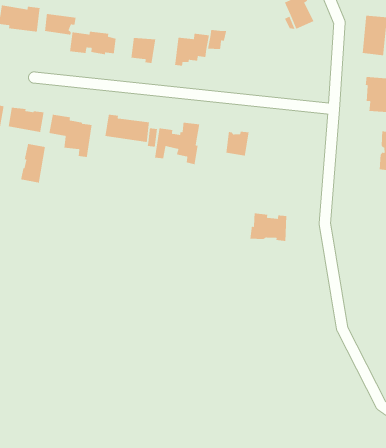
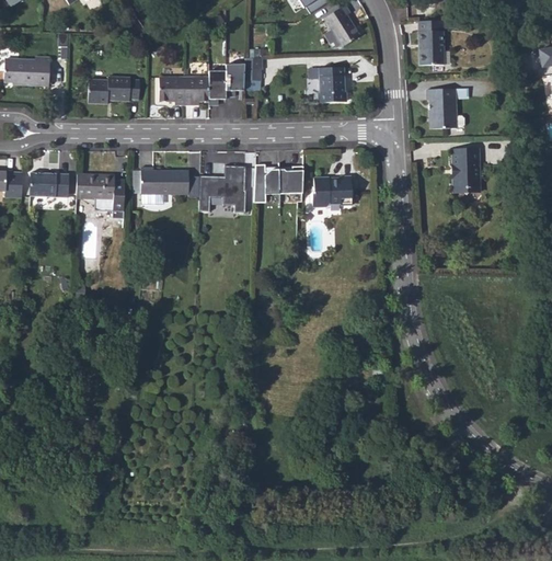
building: [44,13,77,36] -> none
building: none -> [183,76,208,104]
building: none -> [317,66,345,102]
building: none -> [253,164,278,203]
building: [20,143,46,184] -> none
building: [249,213,287,242] -> [311,175,353,207]

